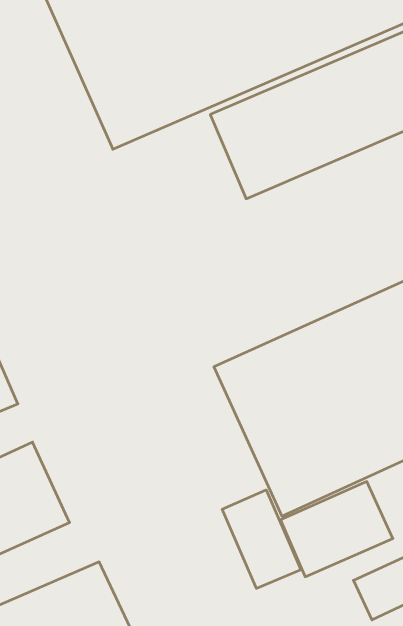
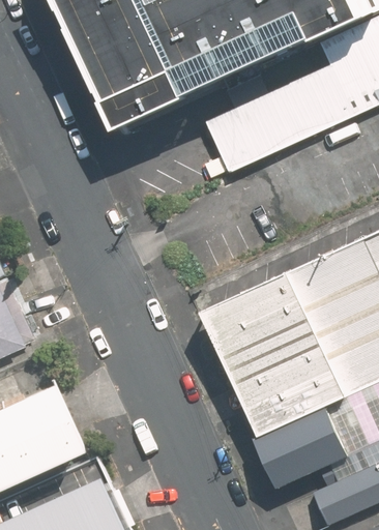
building: [222,490,301,588] -> none

